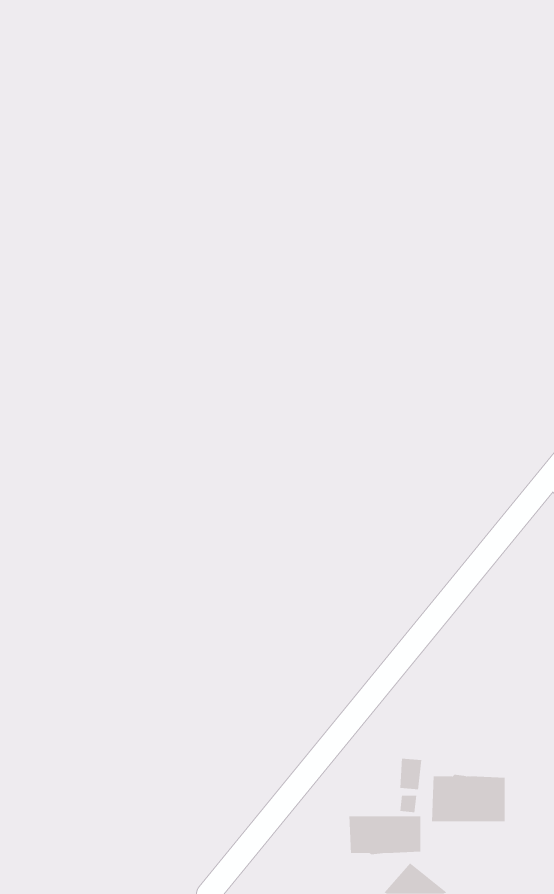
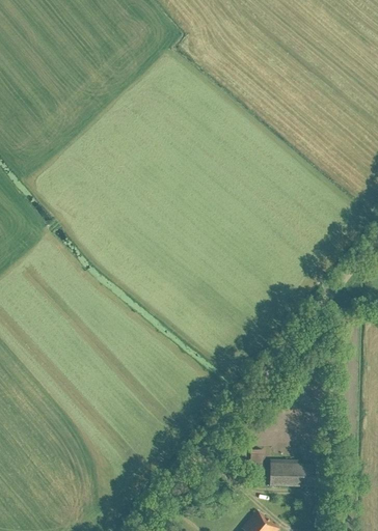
building: [349,815,421,855] -> none

